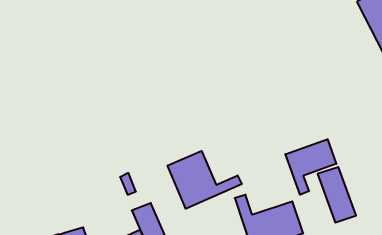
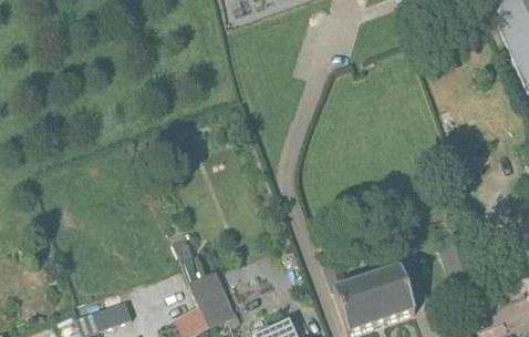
building: [285,139,336,195] -> none
building: [168,151,242,209] -> none

